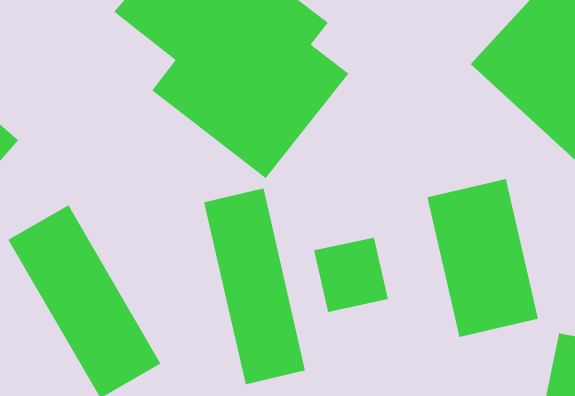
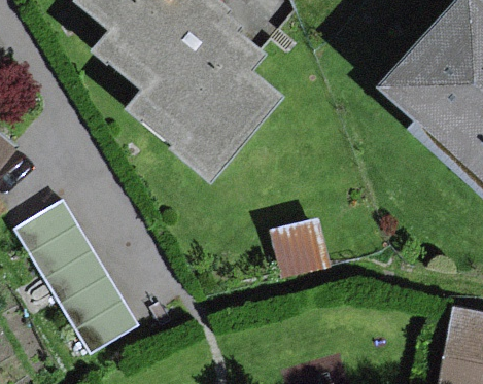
building: [426,178,539,338] -> none
building: [203,188,306,385] -> none

